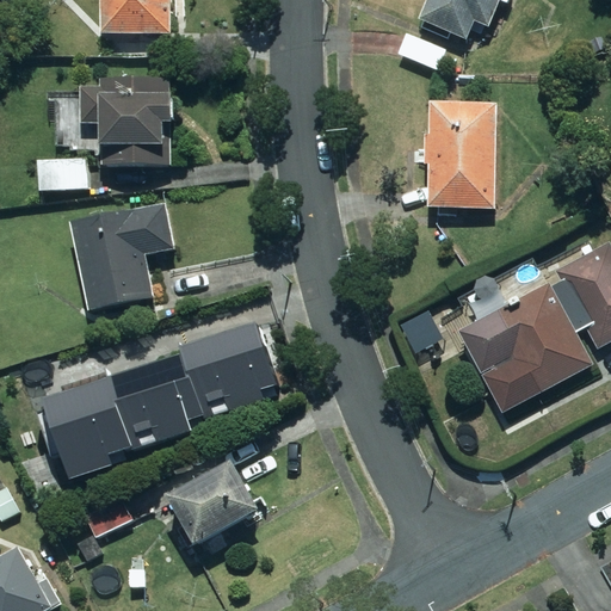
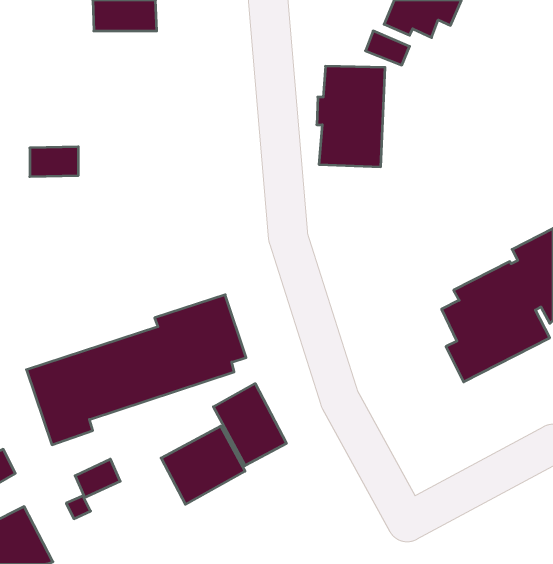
building: [81,79,179,166] -> none
building: [425,101,499,210] -> [317,66,385,167]
building: [70,203,175,311] -> none
building: none -> [213,384,286,466]

